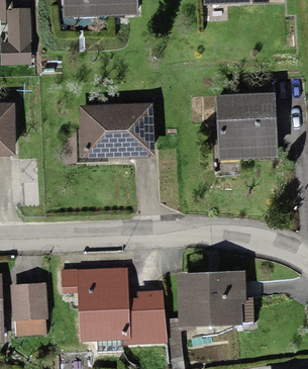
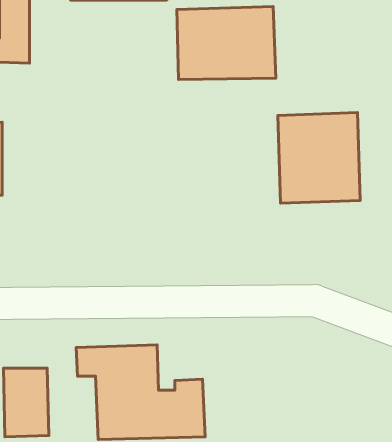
building: [81,104,153,158] -> [177,7,276,79]
building: [178,275,241,326] -> none

